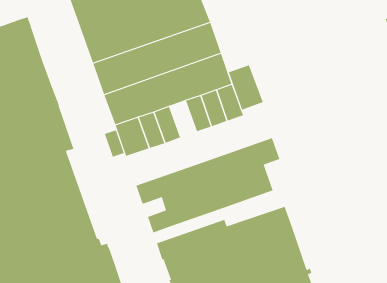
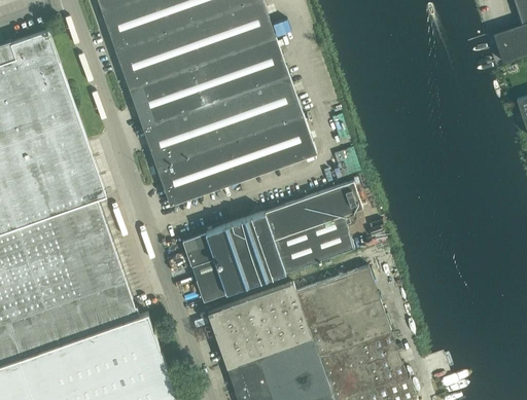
building: [228,64,263,110] -> none
building: none -> [224,136,258,182]
building: [104,130,125,157] -> none

